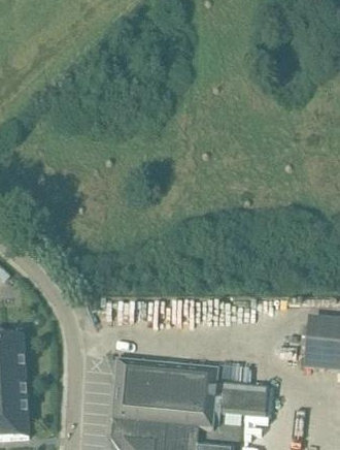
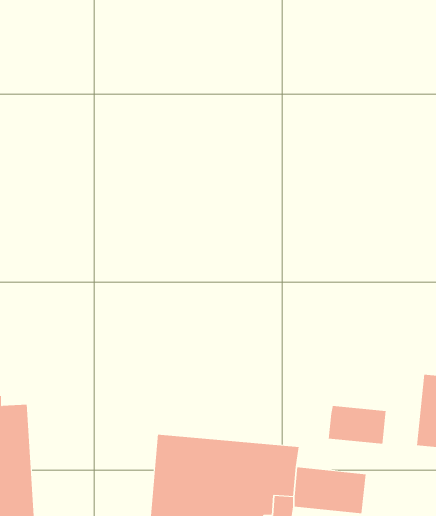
building: none -> [328,405,386,445]

